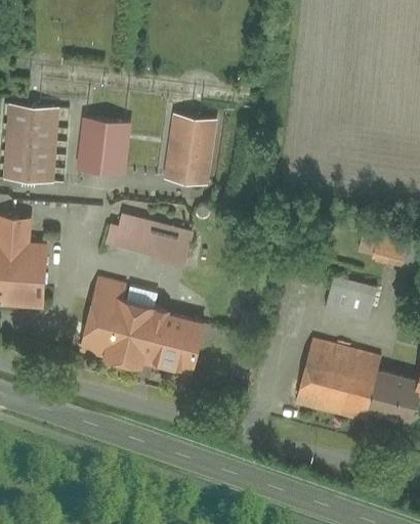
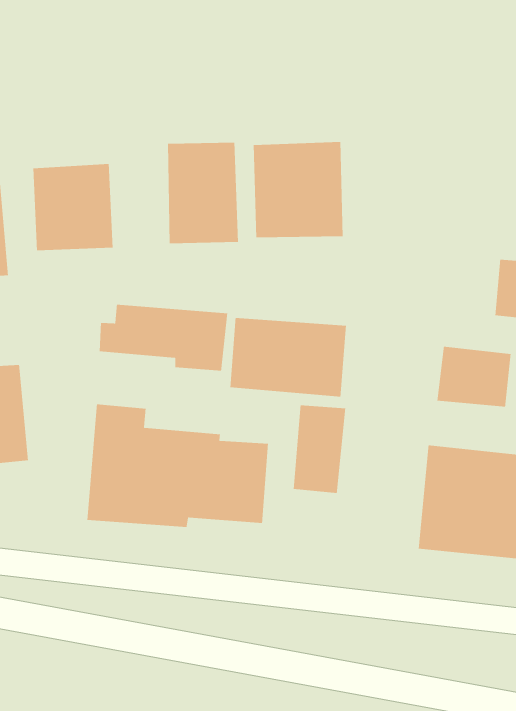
building: none -> [253,141,344,238]
building: none -> [229,317,347,398]
building: none -> [293,404,346,494]

